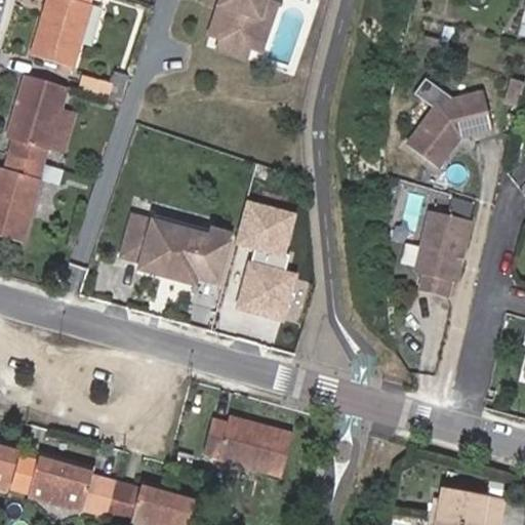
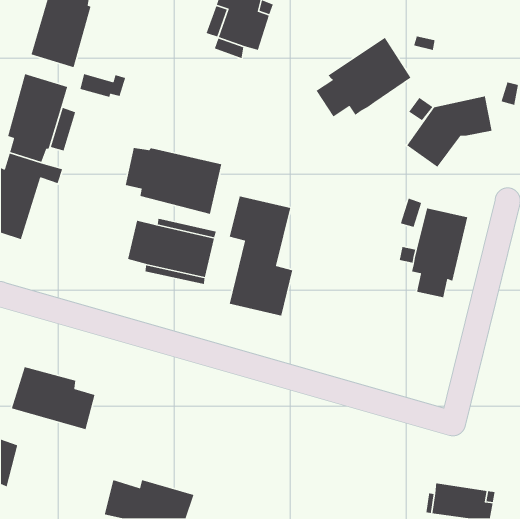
building: none -> [315,37,412,117]
building: none -> [125,147,222,215]
building: [204,418,293,477] -> none
building: [29,454,114,519] -> [11,366,95,430]

